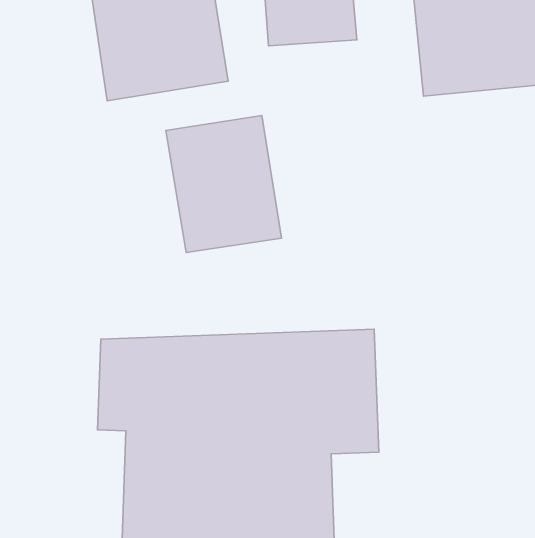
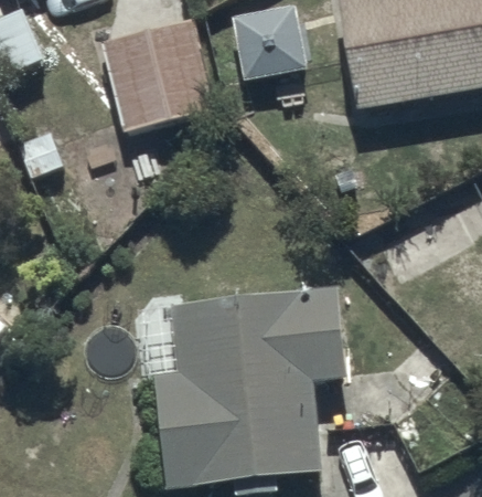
building: [166,115,282,253] -> none

